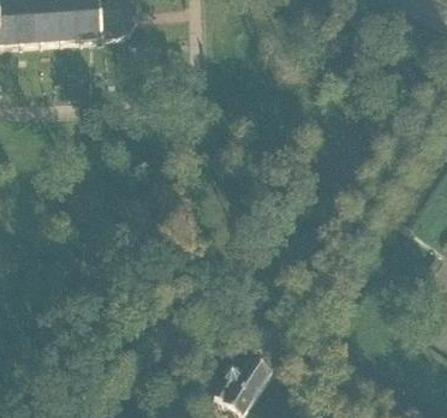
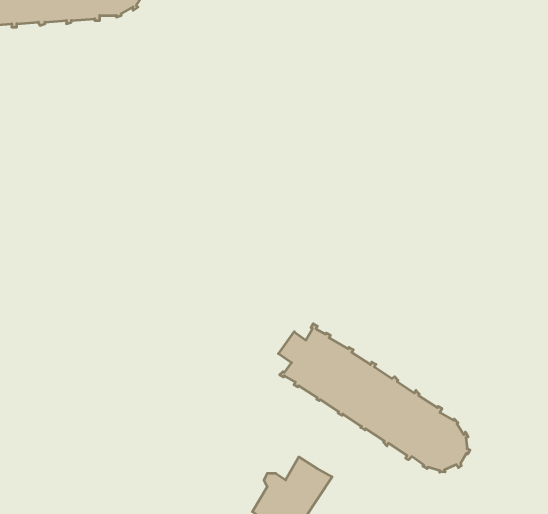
building: none -> [278,324,470,472]

